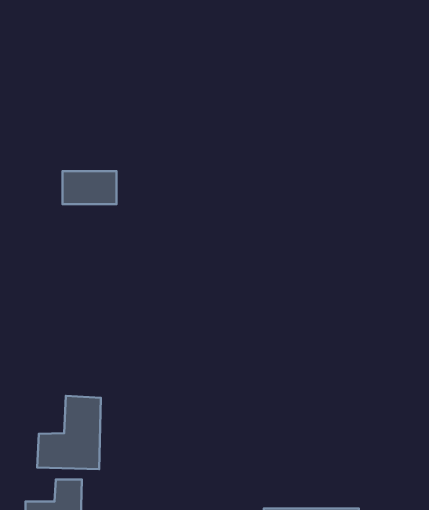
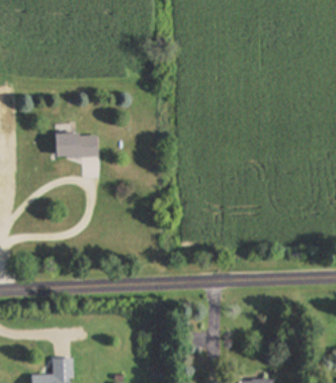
building: [37,396,101,469] -> none

